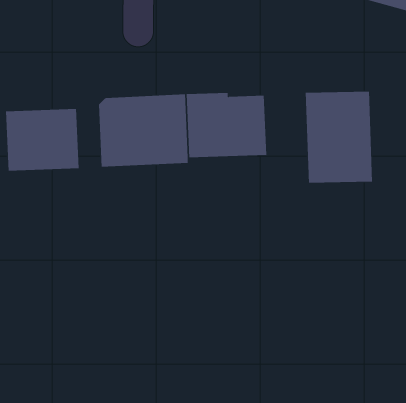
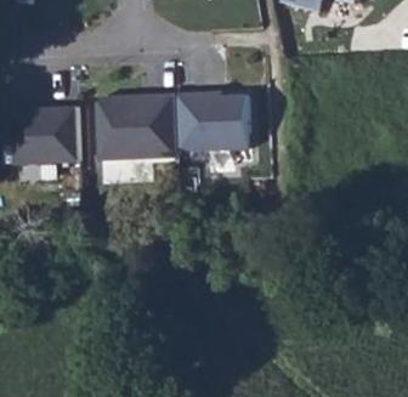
building: [305,91,373,184] -> none

